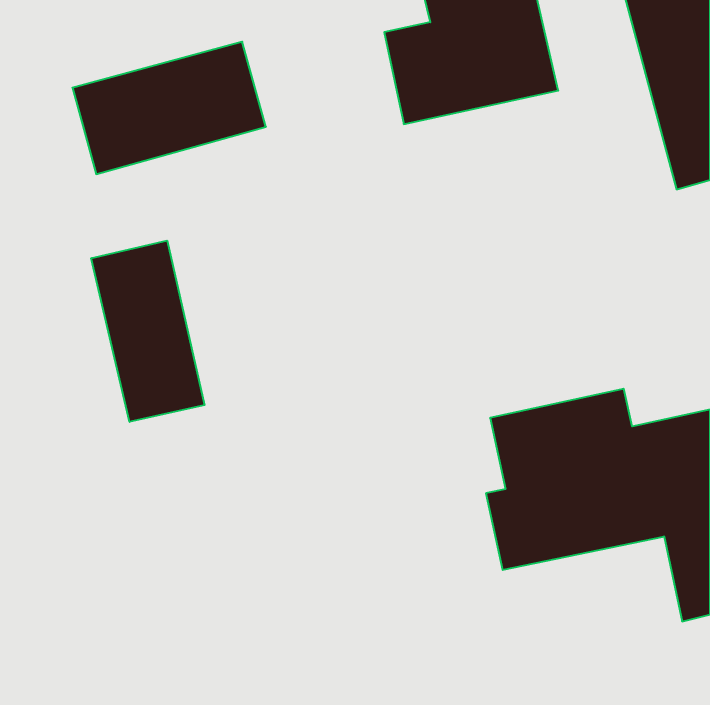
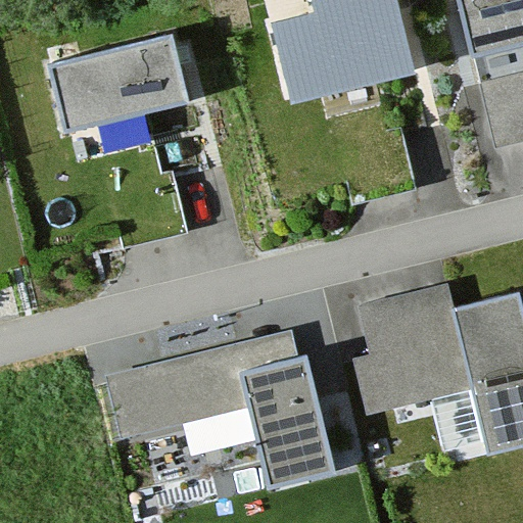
building: [91,241,205,422] -> none
building: none -> [109,334,348,495]

